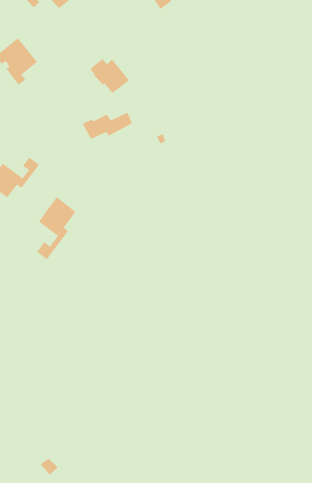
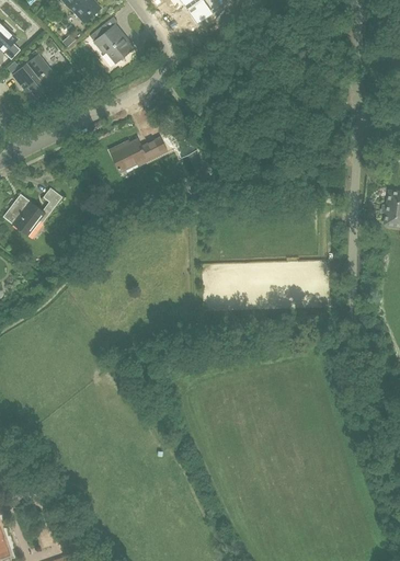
building: [90,59,130,94] -> [89,23,134,62]
building: [37,196,76,260] -> none

